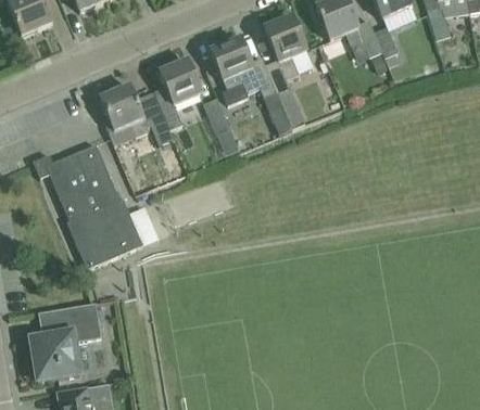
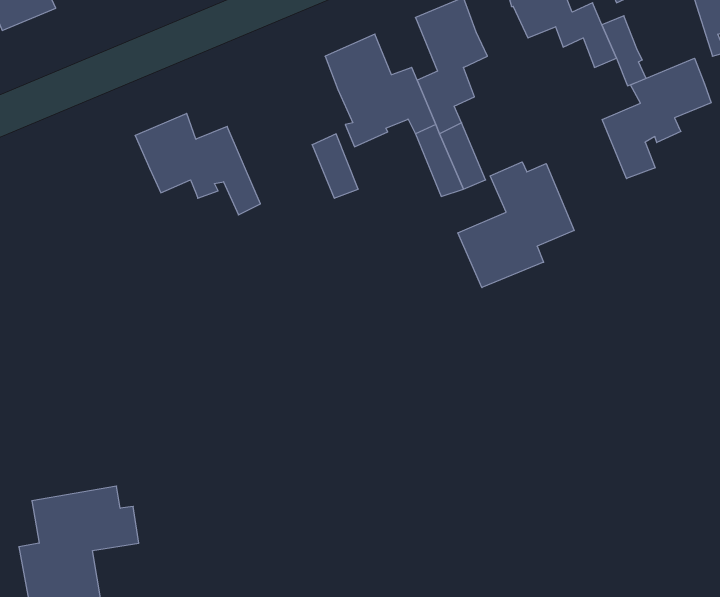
building: none -> [602,58,711,179]
building: [153,59,202,129] -> none
building: none -> [458,162,574,288]
building: [33,143,142,268] -> none

